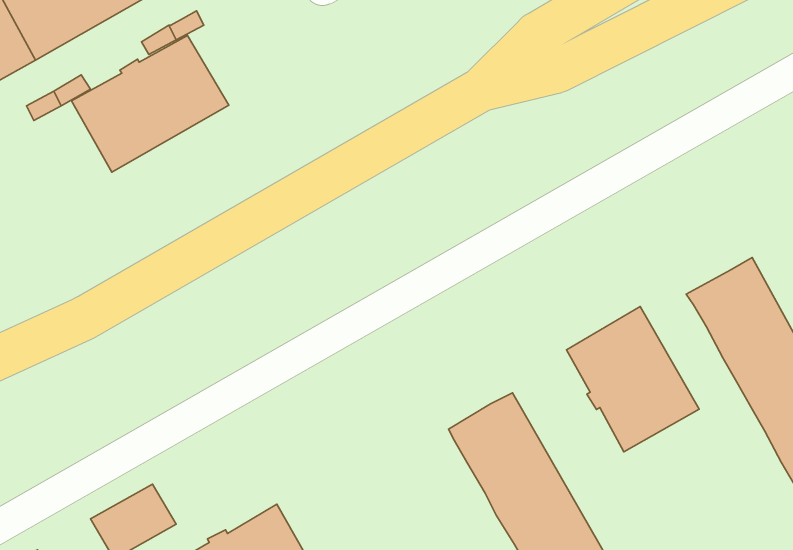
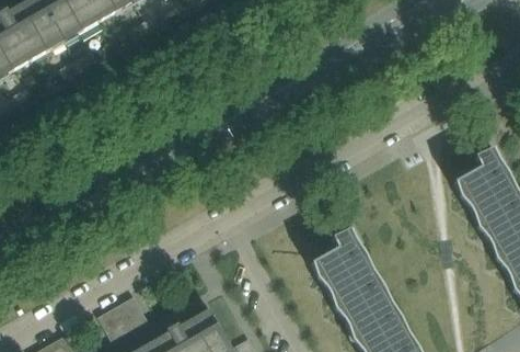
building: [71,35,229,172] -> none
building: [566,307,699,452] -> none

